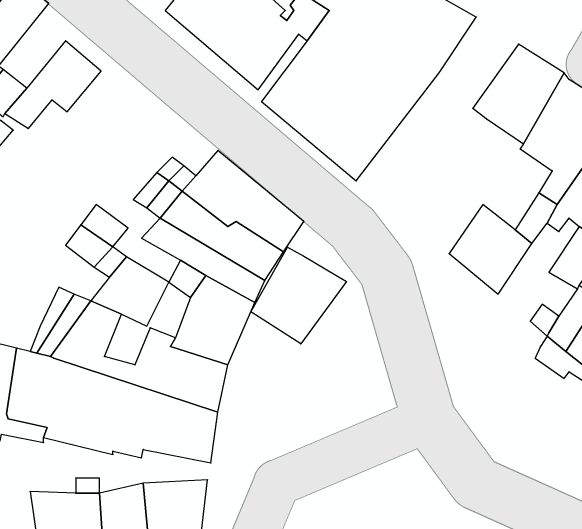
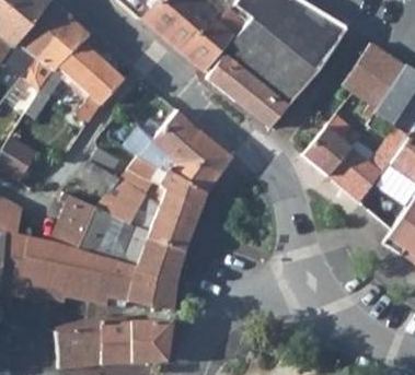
building: none -> [76,58,123,120]
building: none -> [300,110,358,176]
building: [251,247,346,344] -> none

